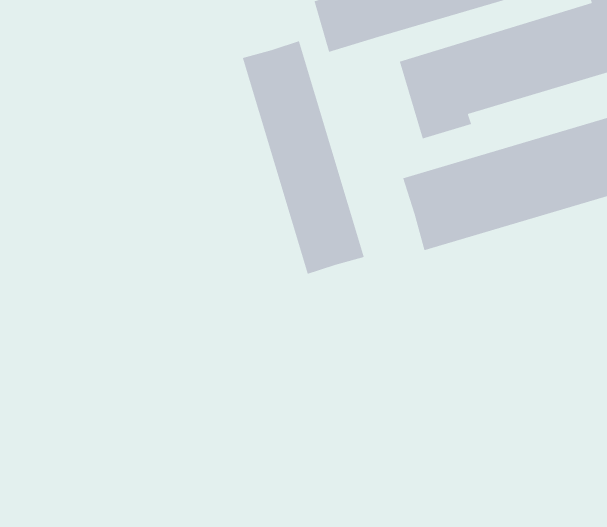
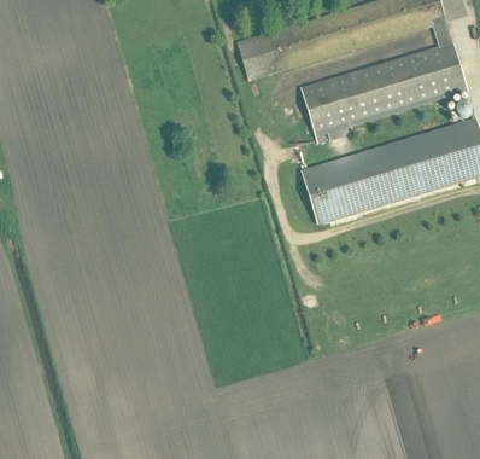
building: [242,40,365,275] -> none

